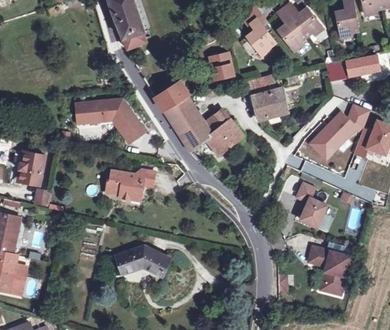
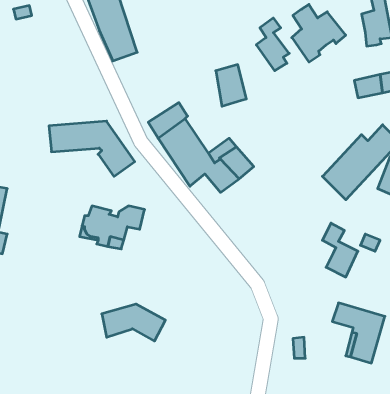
building: [250,76,290,126] -> none

